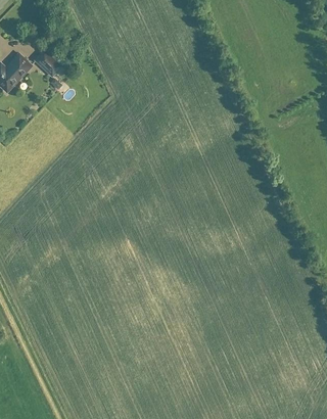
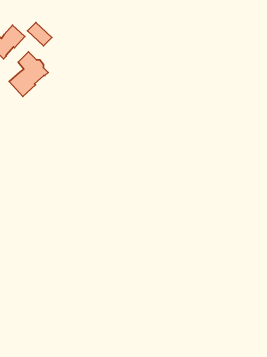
building: none -> [9,52,48,96]

